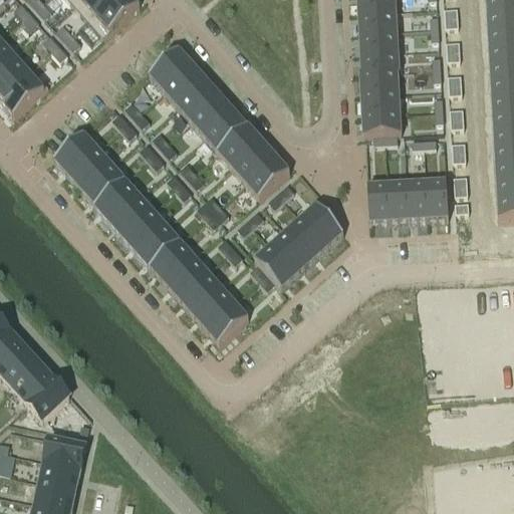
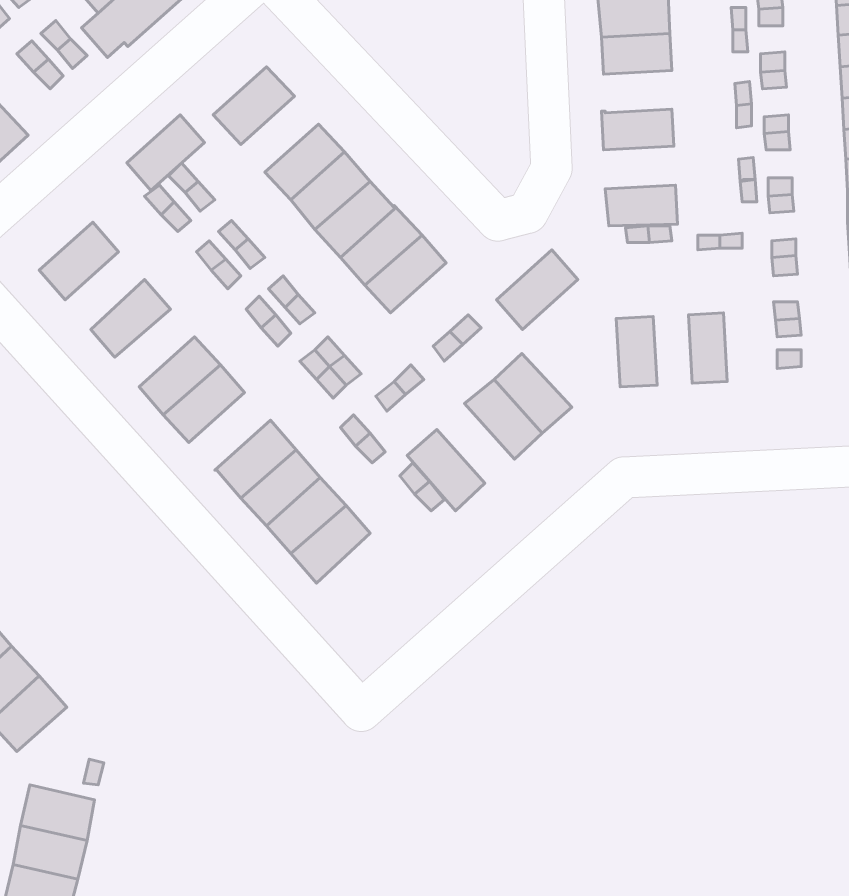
building: [360,49,399,72] -> none
building: [164,63,206,104] -> [127,115,204,191]
building: [360,90,400,113] -> none
building: [68,148,111,190] -> none
building: [245,154,289,197] -> [496,250,578,330]
building: [94,179,139,221] -> none
building: [426,180,448,218] -> none
building: [388,182,409,220] -> none
building: [136,224,180,267] -> none
building: [270,230,312,273] -> none
building: [205,300,248,342] -> none

